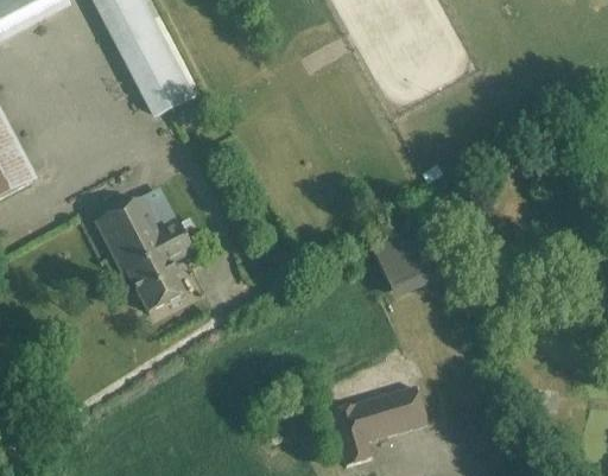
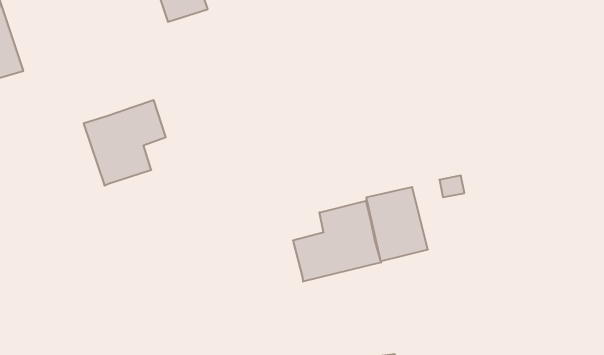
building: [128,218,195,312] -> none
building: none -> [293,201,381,282]

